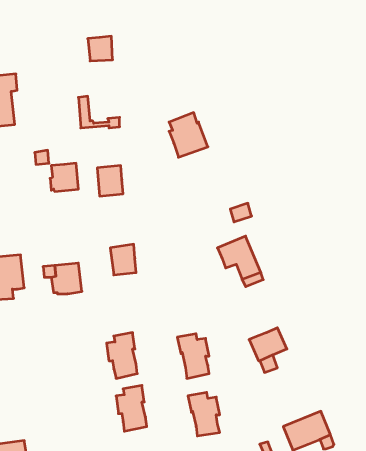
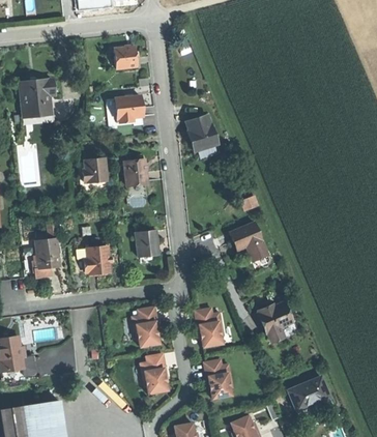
building: none -> [116,96,144,122]

